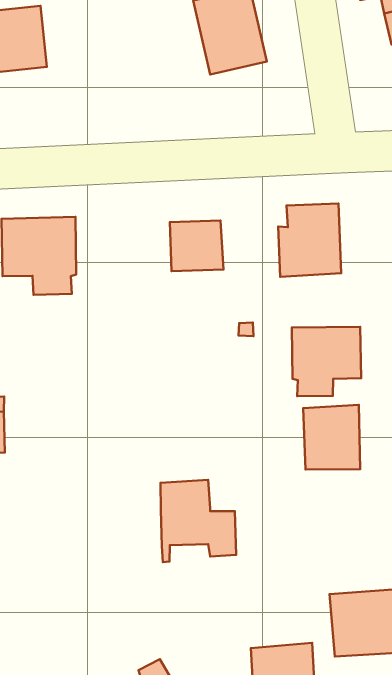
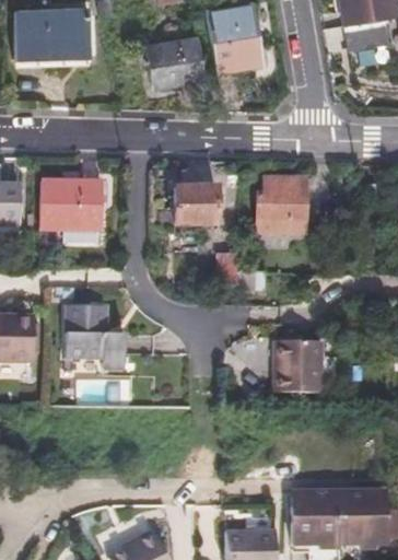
building: none -> [141,37,203,94]
building: [292,327,361,396] -> none
building: [161,480,236,562] -> [65,308,125,372]

